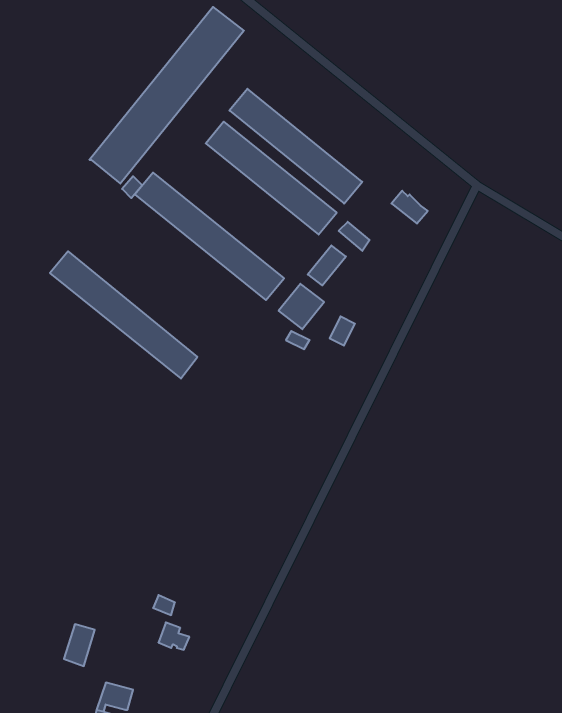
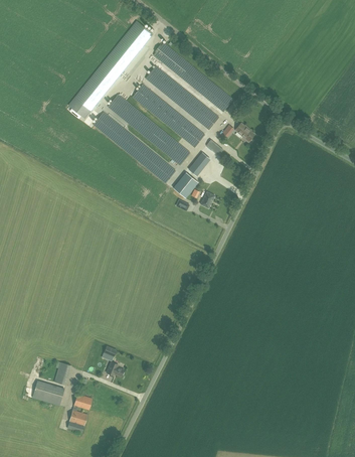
building: none -> [153,42,232,111]
building: [50,251,197,379] -> [108,94,189,164]
building: none -> [31,379,64,405]

